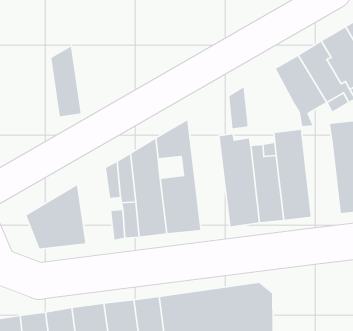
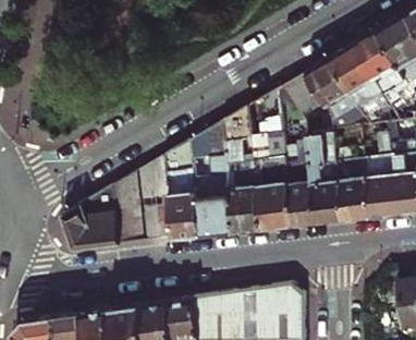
building: [50,46,81,117] -> [110,175,140,246]
building: none -> [280,73,322,119]
building: none -> [219,108,260,233]
building: none -> [334,147,369,220]

